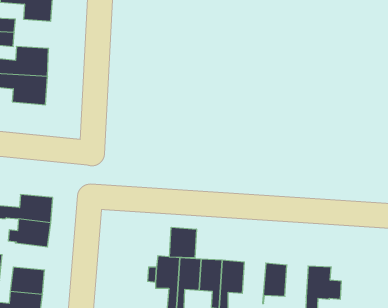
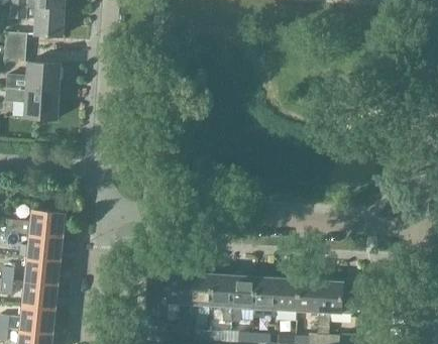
building: [169,227,196,258] -> none
building: none -> [24,258,59,285]
building: none -> [253,277,277,319]
building: none -> [296,280,319,317]

